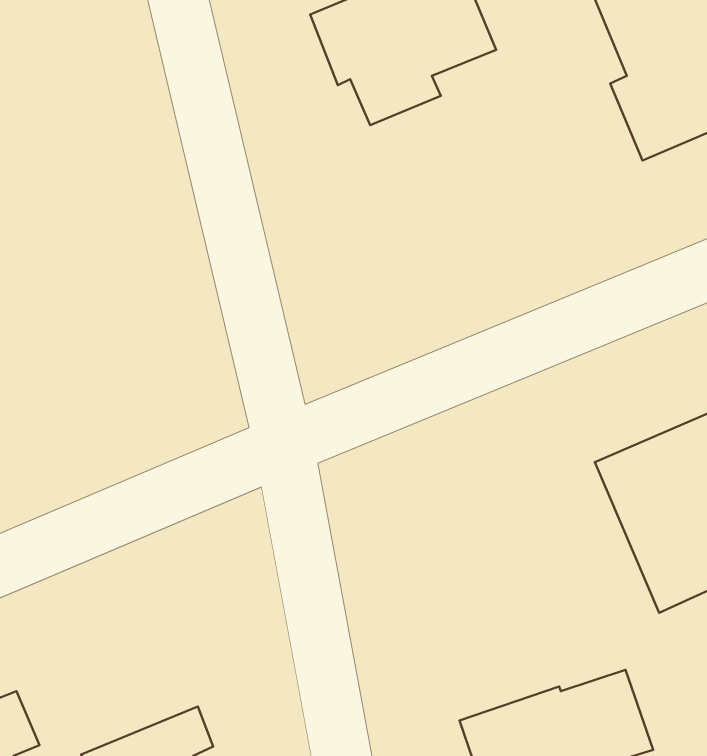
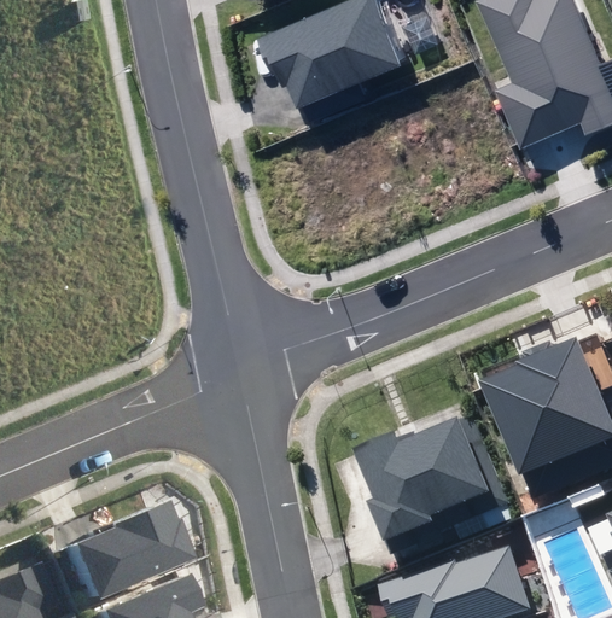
building: none -> [359,415,507,552]
building: none -> [56,503,177,600]

